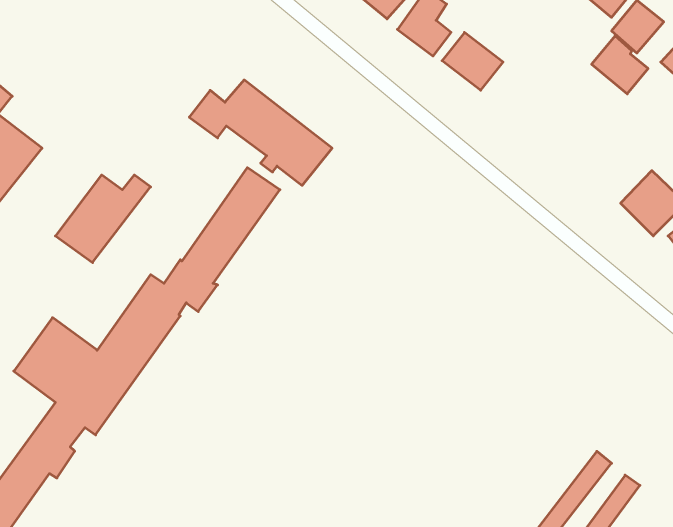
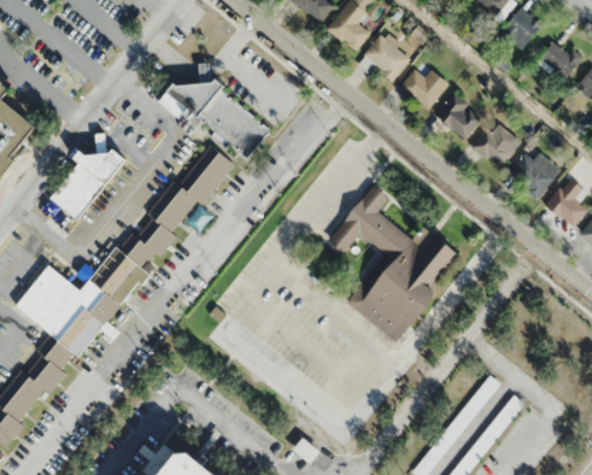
building: [592,36,648,94] -> [435,93,481,140]
building: none -> [399,61,449,110]
building: none -> [471,121,521,169]
building: none -> [326,183,456,340]

